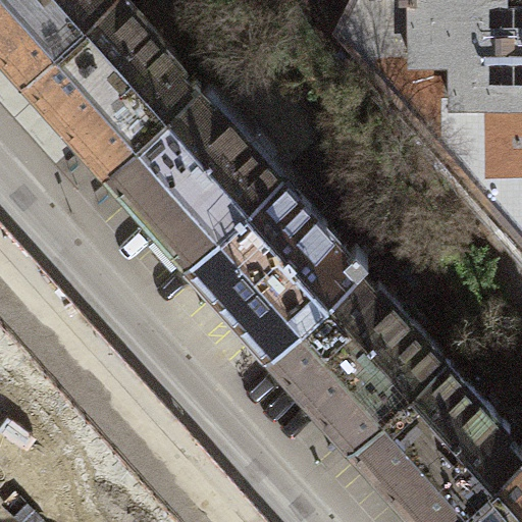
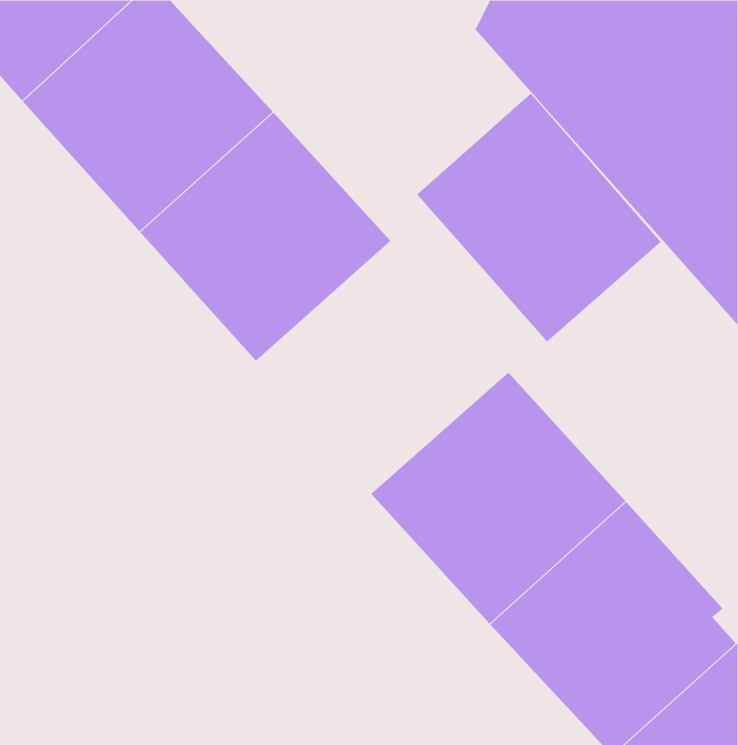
building: none -> [417,93,662,342]
building: [177,171,353,347] -> none

